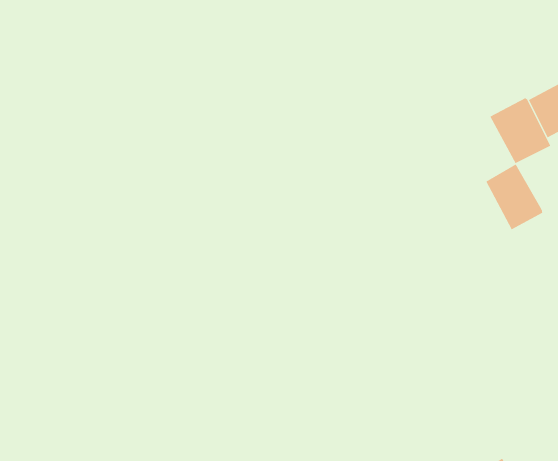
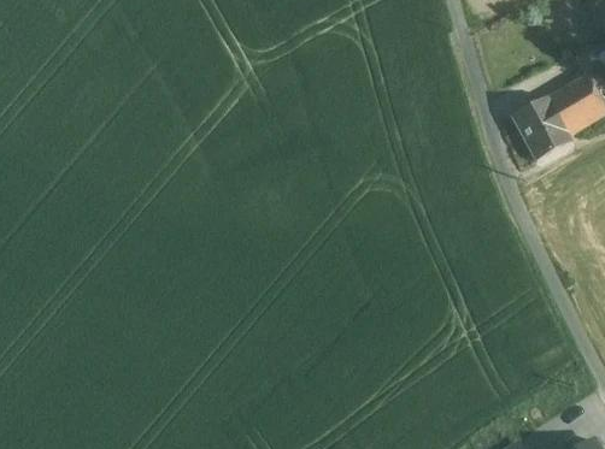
building: [485,164,543,230] -> none

